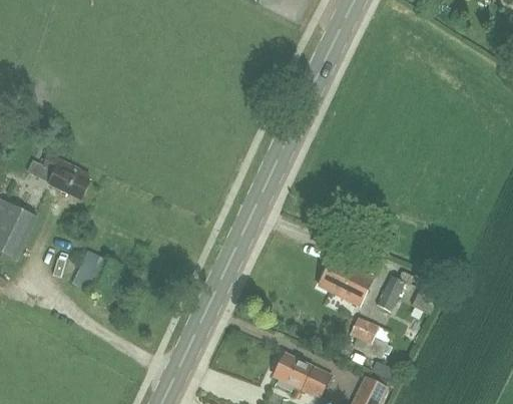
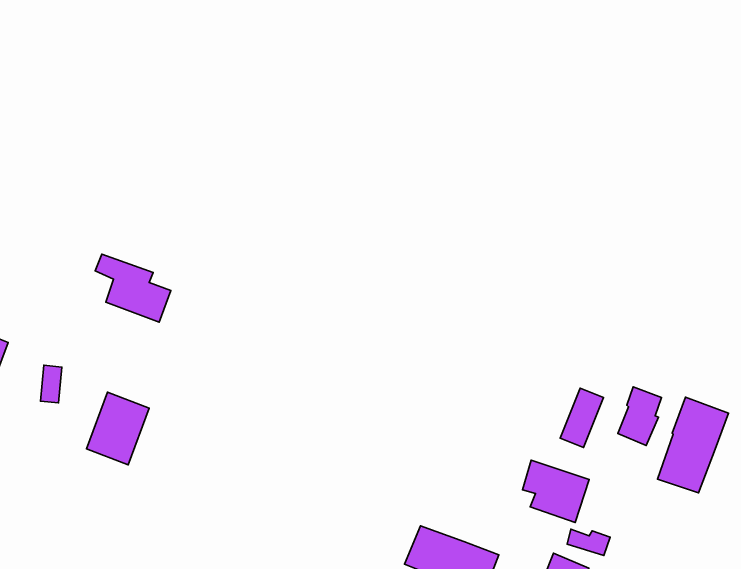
building: [42,153,88,198] -> [95,254,171,322]
building: [318,256,372,304] -> none
building: none -> [658,397,729,493]

